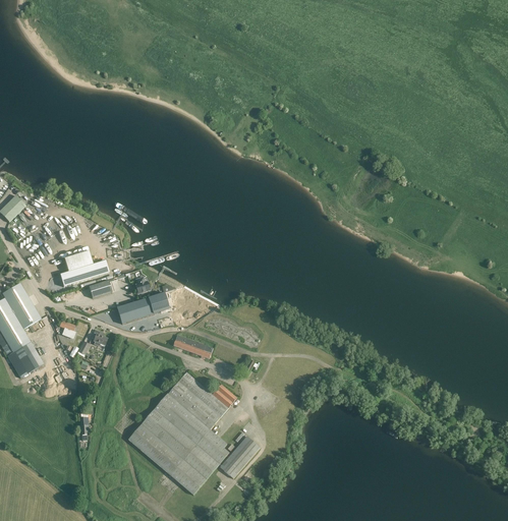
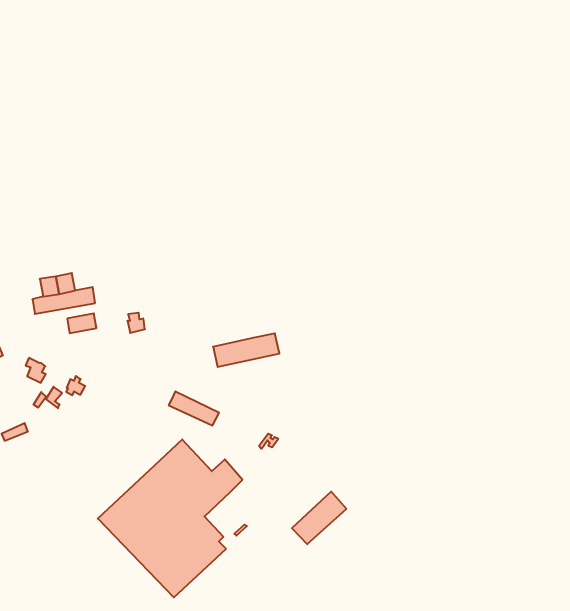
building: [116,293,168,324] -> [213,333,279,367]
building: [219,436,260,478] -> [292,492,346,544]

